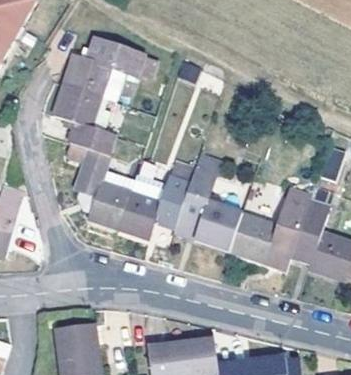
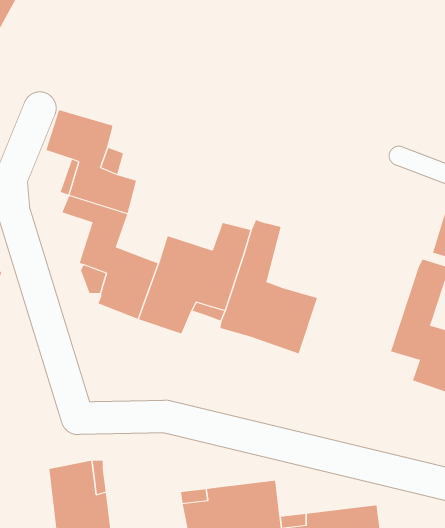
building: [62,40,163,93] -> none
building: [228,184,310,269] -> none

